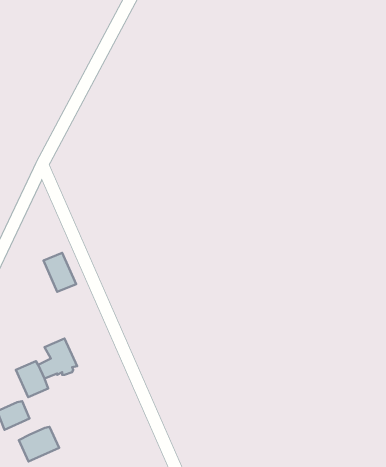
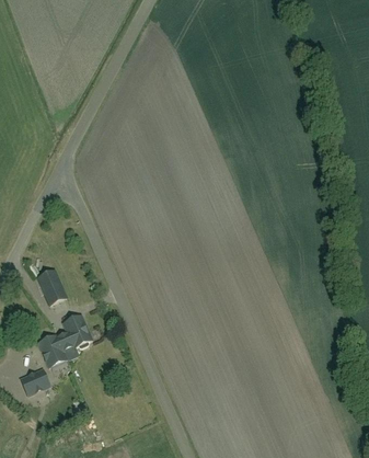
building: [44,253,76,292] -> [37,270,66,304]
building: [19,427,59,461] -> none

